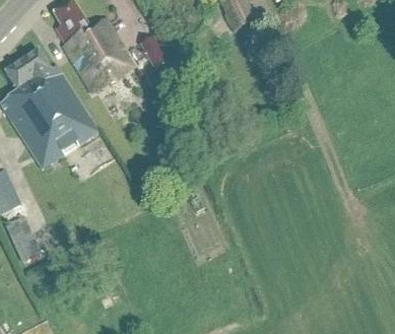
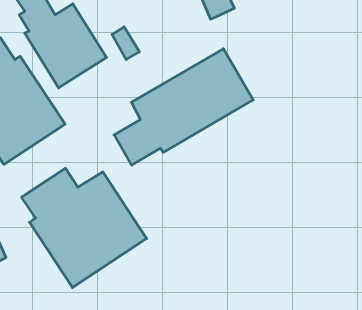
building: none -> [114,49,253,165]
building: none -> [22,168,147,288]

